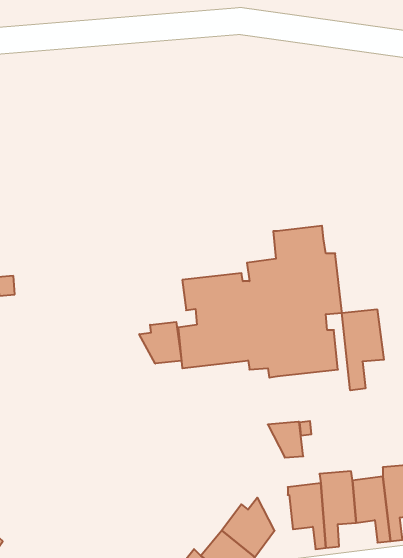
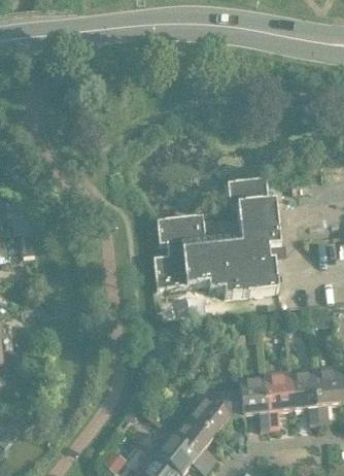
building: [342,309,384,390] -> none
building: [139,322,181,364] -> none
building: [268,422,303,458] -> [217,387,245,415]

